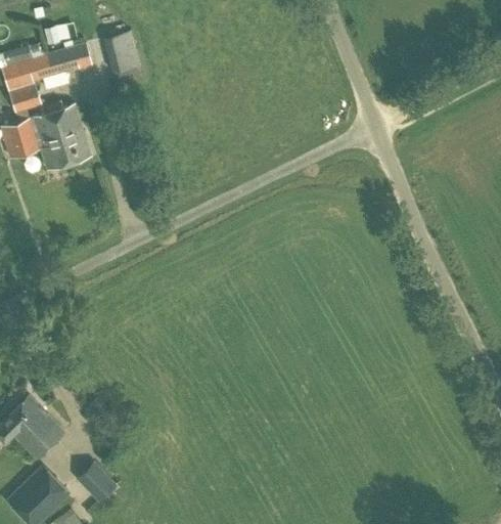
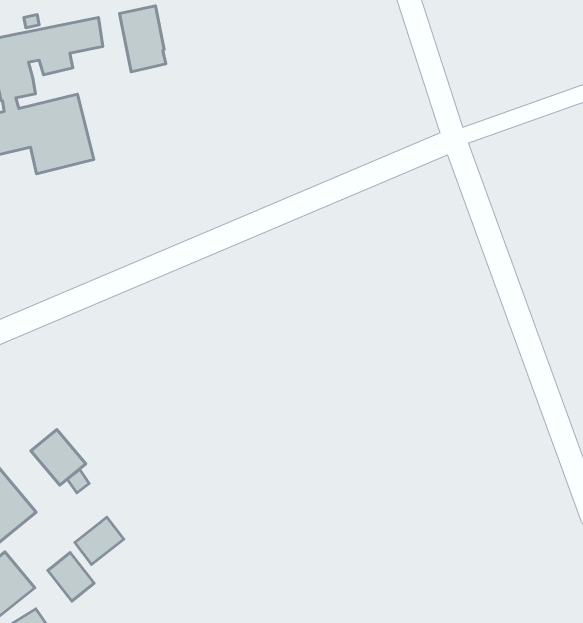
building: none -> [31,430,86,485]
building: none -> [75,517,124,564]

